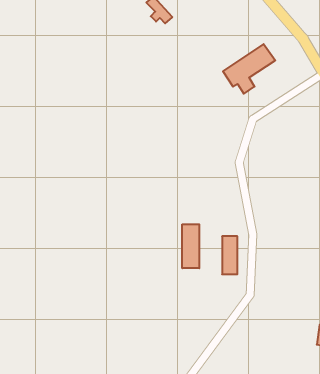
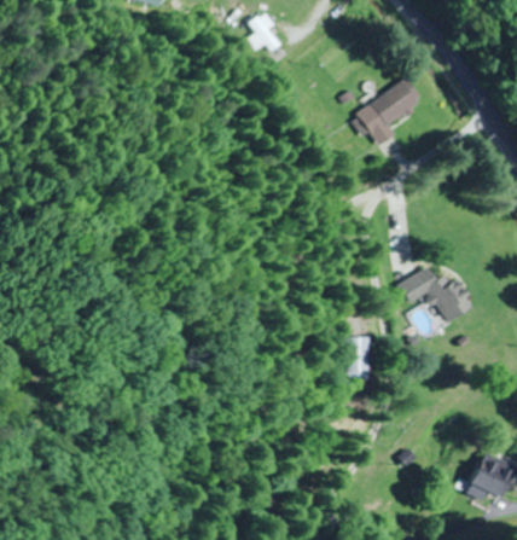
building: none -> [402,267,469,323]
building: [182,224,199,268] -> none

